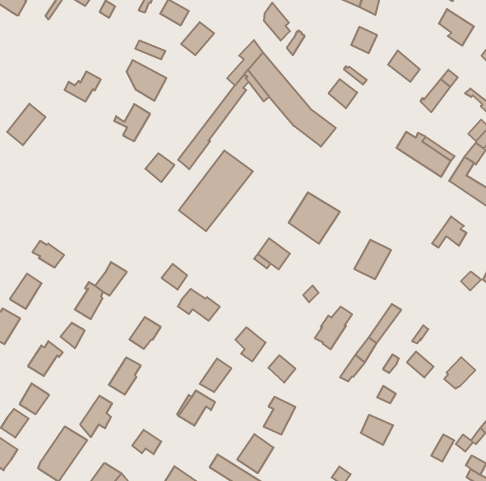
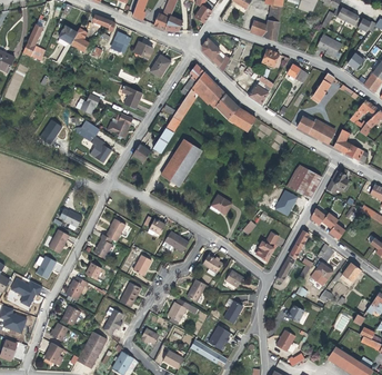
building: none -> [76,121,111,164]
building: [289,192,340,244] -> [288,166,321,199]
building: none -> [310,208,348,240]

